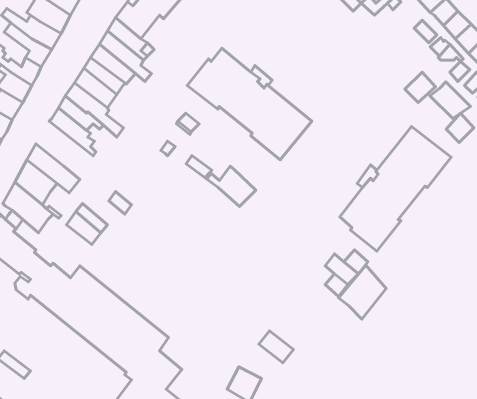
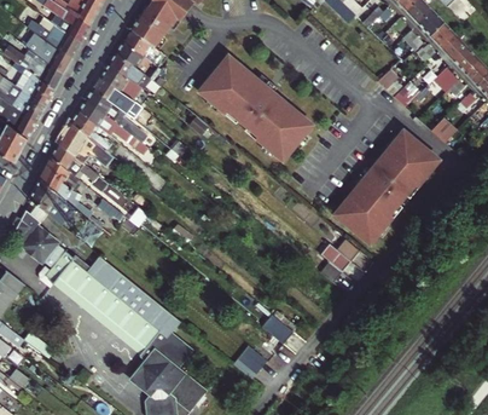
building: [430,82,471,118] -> none
building: none -> [58,123,114,168]
building: [186,156,256,206] -> none
building: [339,265,386,319] -> none

